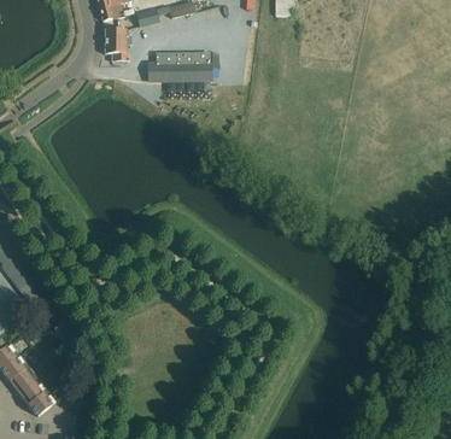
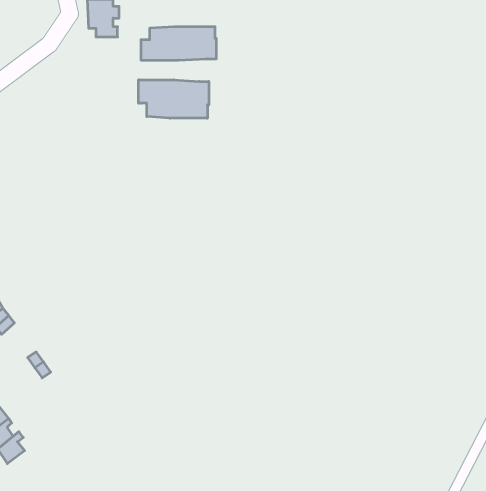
building: none -> [139,80,209,118]

